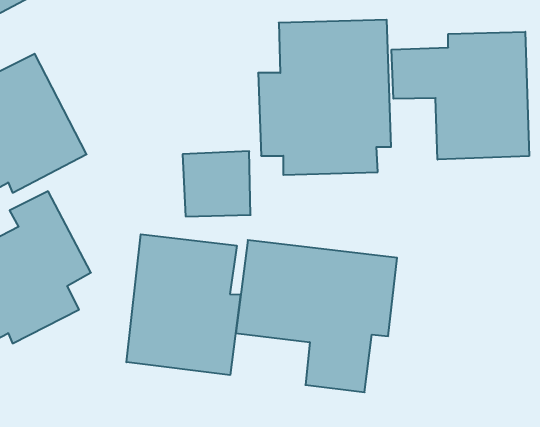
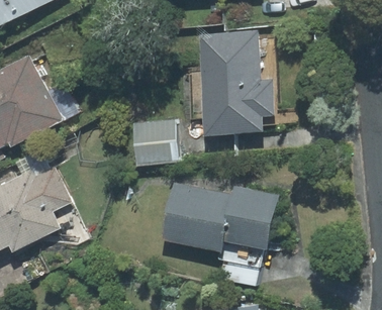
building: [392,32,529,160] -> none
building: [126,234,240,375] -> none

